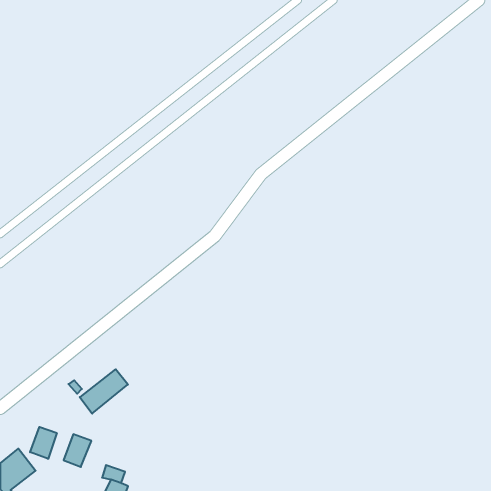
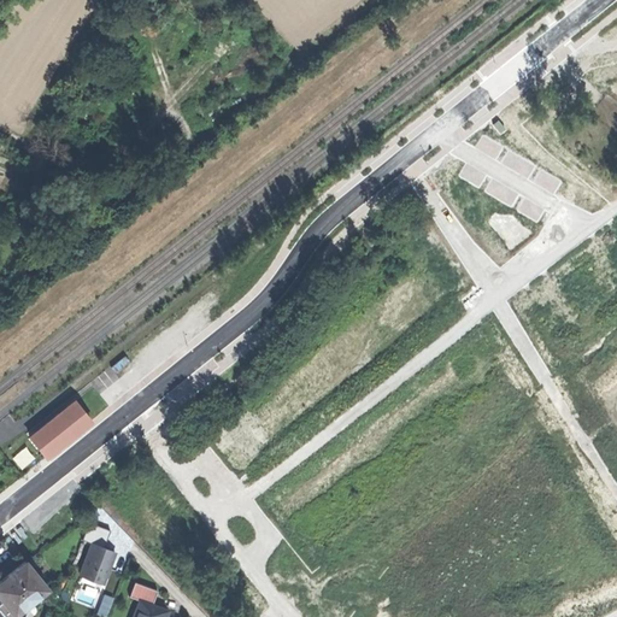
building: [80,369,128,414] -> [34,399,94,454]
building: [30,427,57,459] -> none

